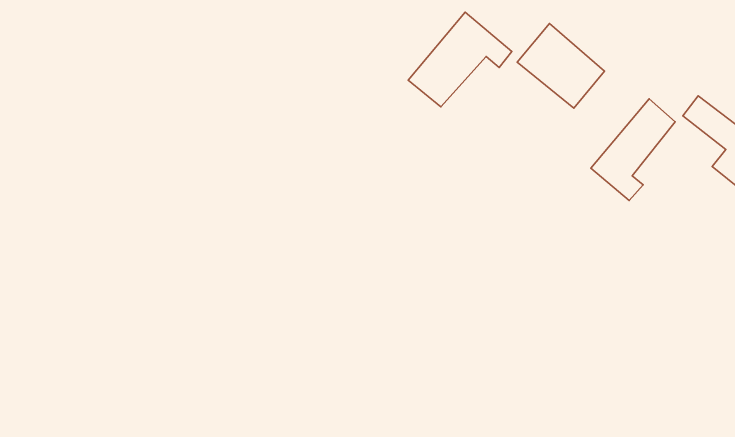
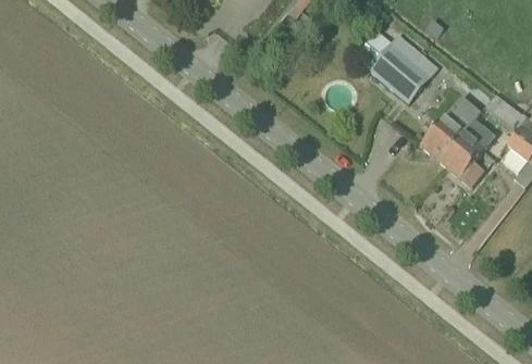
building: [408,12,512,107] -> none
building: none -> [448,111,496,186]

